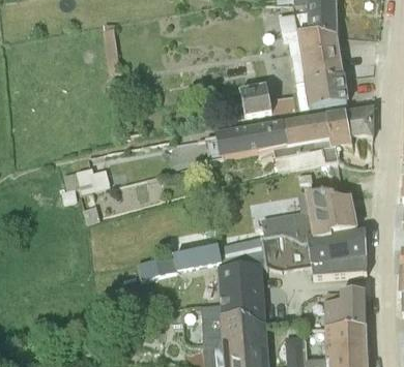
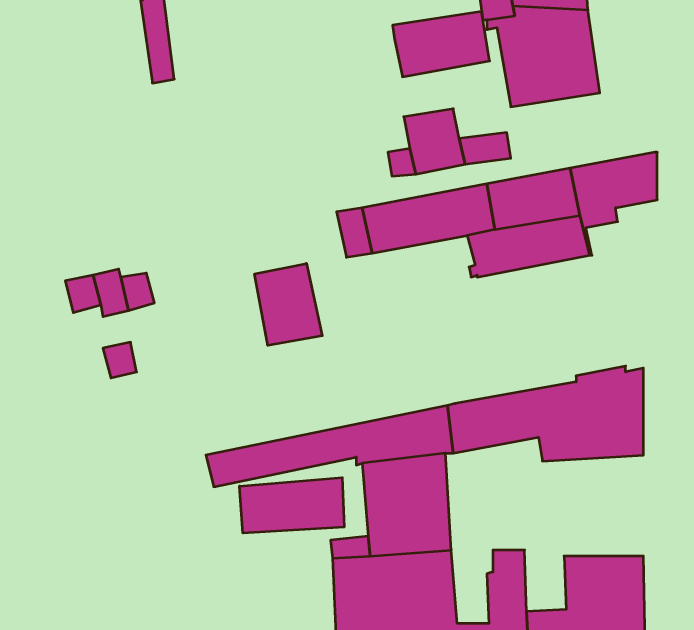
building: [296,79,347,113] -> [393,11,490,77]
building: none -> [255,263,322,345]
building: [264,189,356,241] -> none
building: none -> [240,478,344,533]
building: [323,286,366,320] -> none

